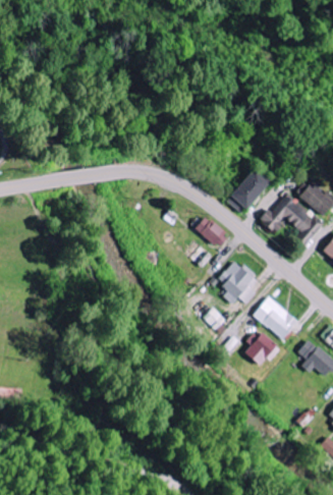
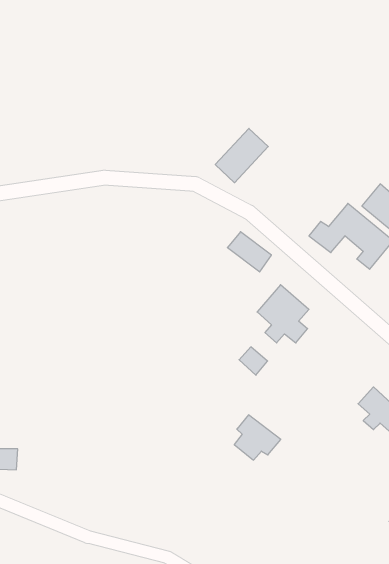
building: [228,167,270,210] -> [215,128,268,183]
building: [253,296,298,339] -> none
building: [243,330,280,366] -> [234,415,281,460]

